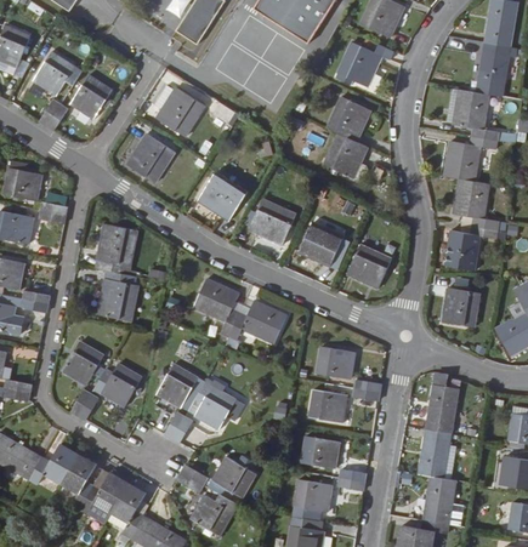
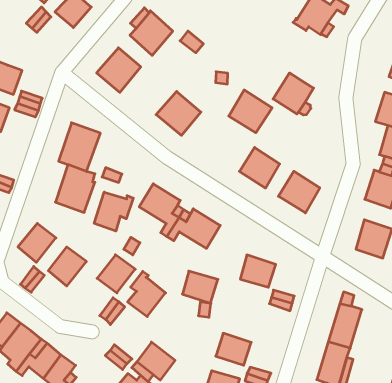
building: [330,96,374,143] -> none
building: [249,199,296,245] -> [229,90,272,133]
building: none -> [94,192,133,231]
building: [310,389,347,422] -> [182,271,218,303]

